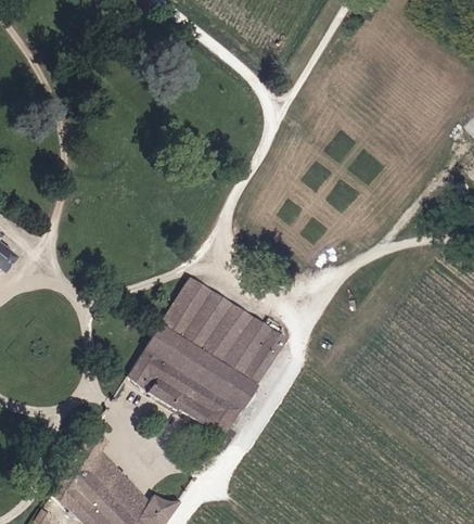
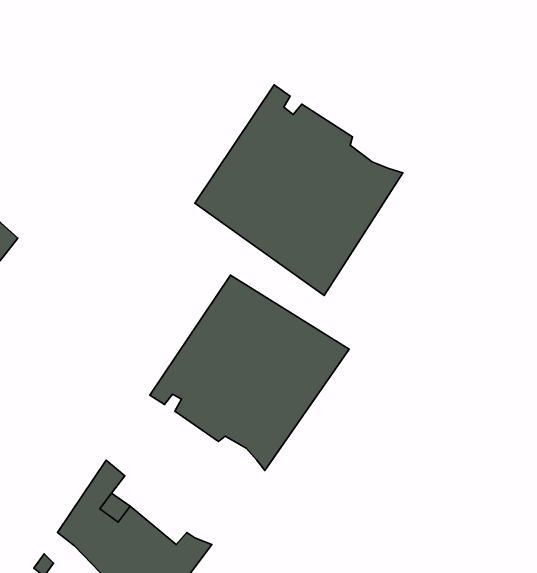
building: none -> [195,85,403,295]

